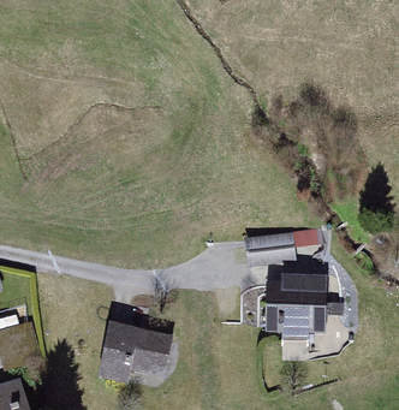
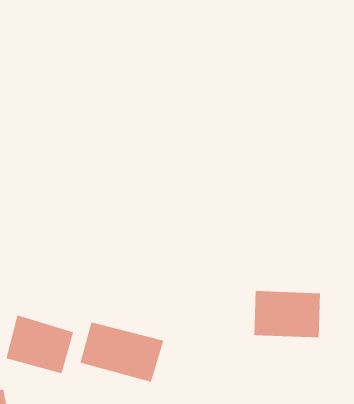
building: none -> [6,315,74,374]

